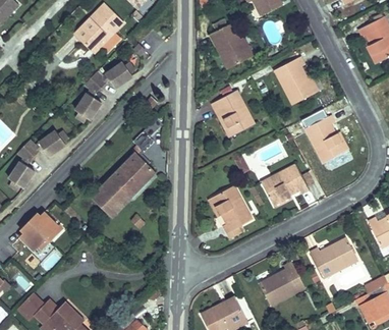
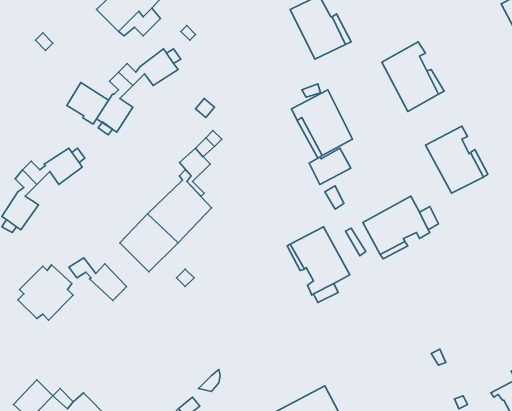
building: none -> [67,82,109,124]
building: none -> [309,148,351,184]
building: none -> [69,258,127,301]
building: [309,237,357,278] -> none
building: [259,261,304,306] -> none

